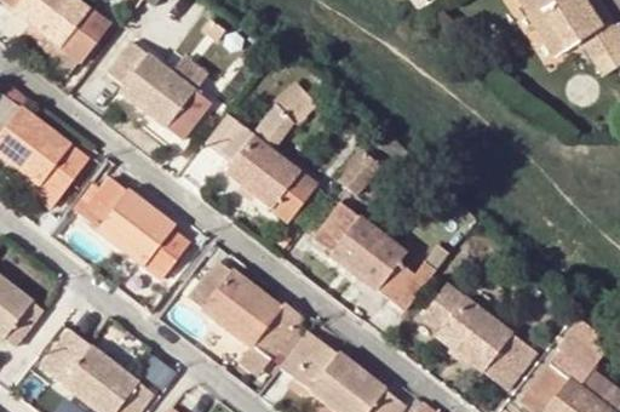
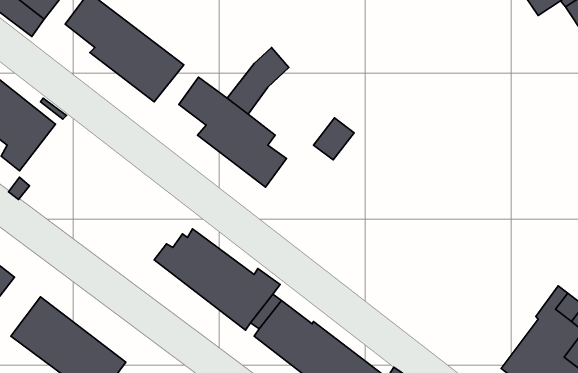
building: [84,178,184,273] -> none
building: [310,198,434,308] -> none
building: [430,285,536,387] -> none

